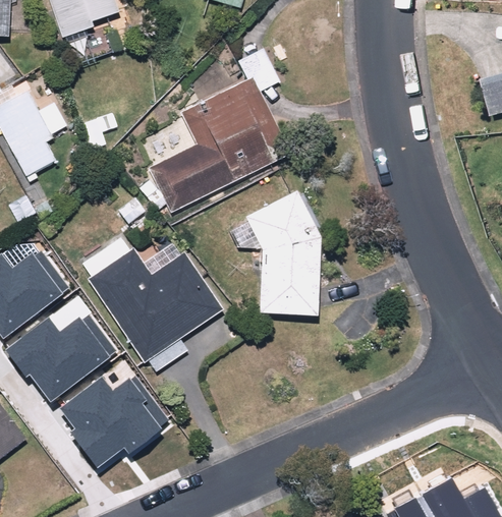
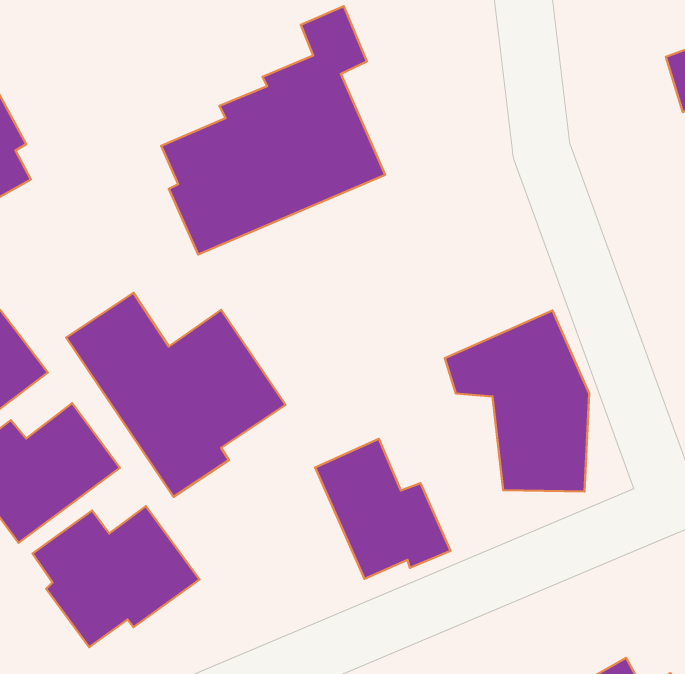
building: [228,192,324,312] -> [445,311,589,492]
building: none -> [315,439,450,579]

